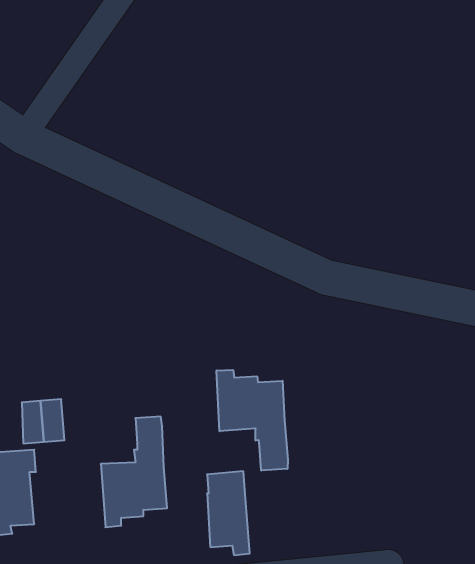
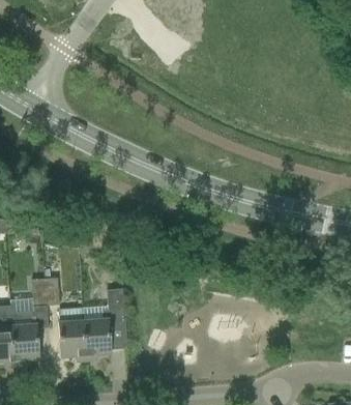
building: [217,370,288,471] -> none
building: [207,471,250,555] -> [59,307,87,361]

